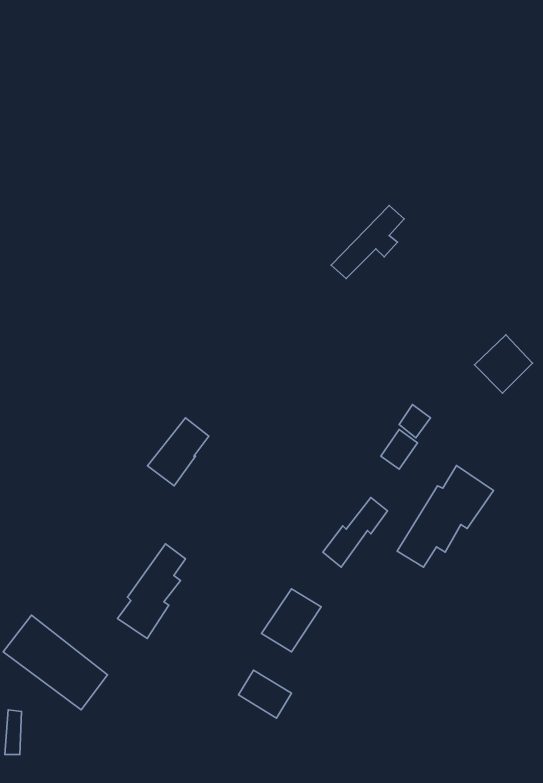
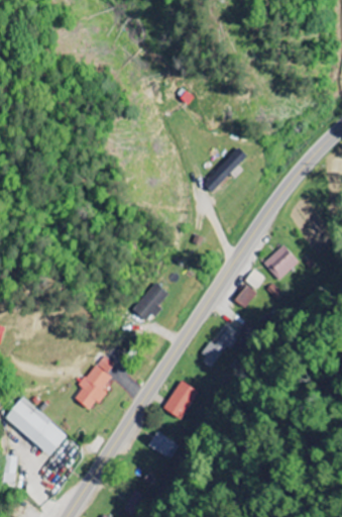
building: [474,335,532,393] -> [262,244,298,280]
building: [148,418,209,486] -> [132,282,169,323]
building: [397,466,493,567] -> none

